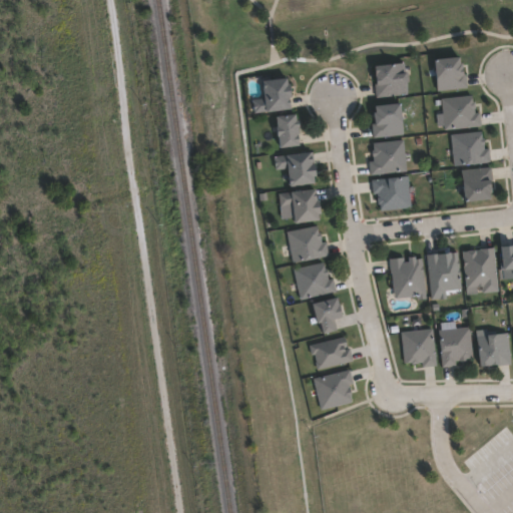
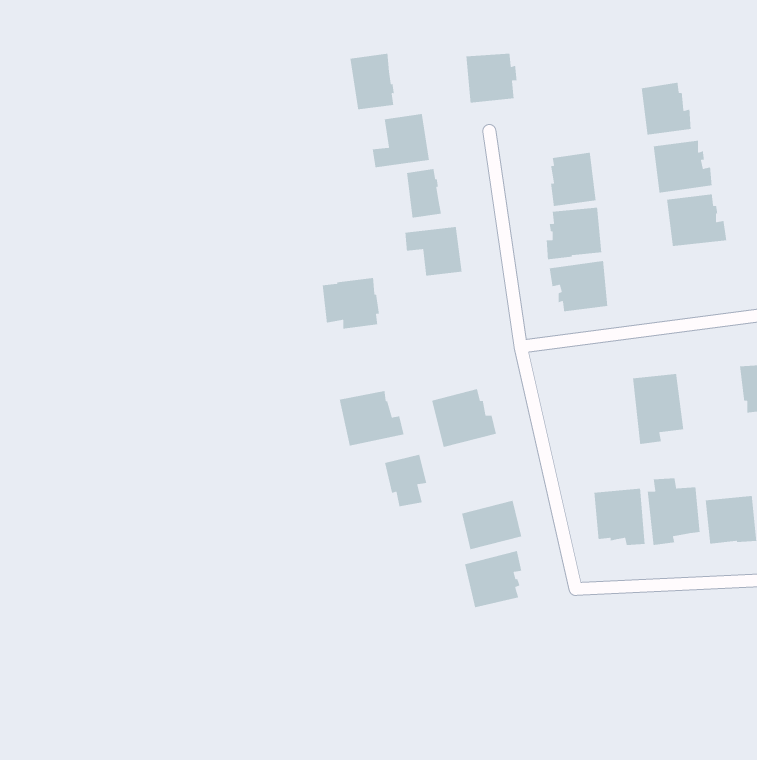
building: none -> [350,53,395,110]
building: [375,63,410,97] -> [465,53,517,103]
building: [462,167,494,201] -> none
building: [280,188,319,223] -> [322,277,380,329]
building: [287,225,331,264] -> [339,390,404,447]
building: [464,248,500,293] -> none
building: [391,256,428,302] -> none
building: [312,298,341,334] -> [384,454,427,507]

